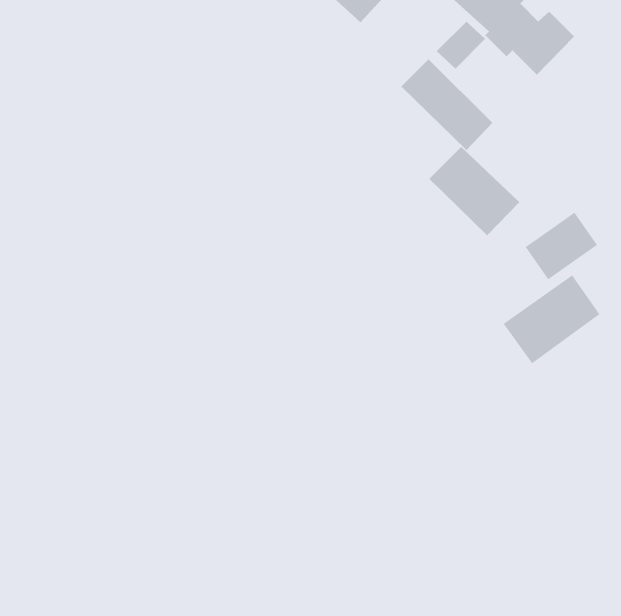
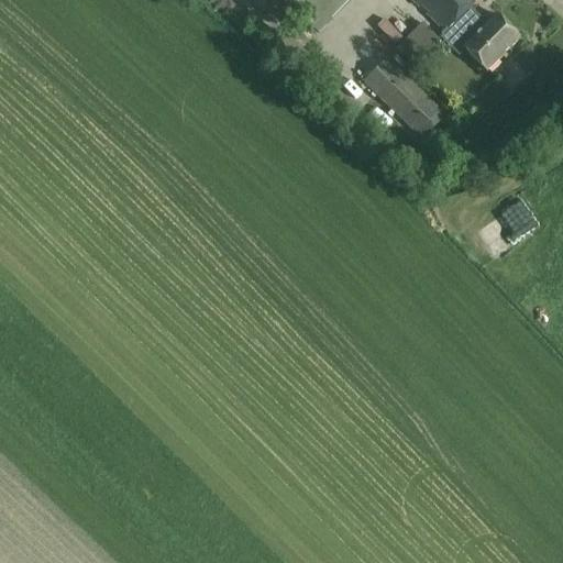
building: [429,146,520,236] -> none
building: [503,274,600,364] -> none

